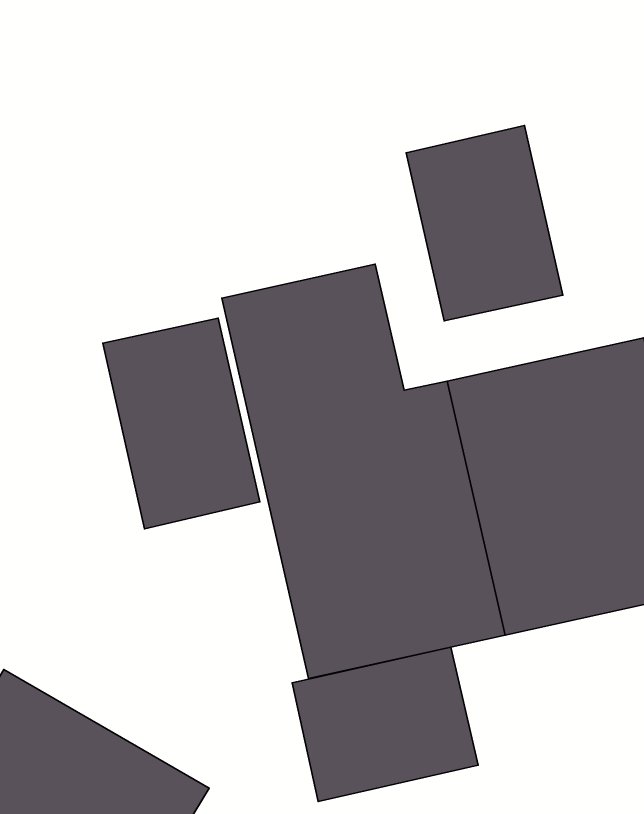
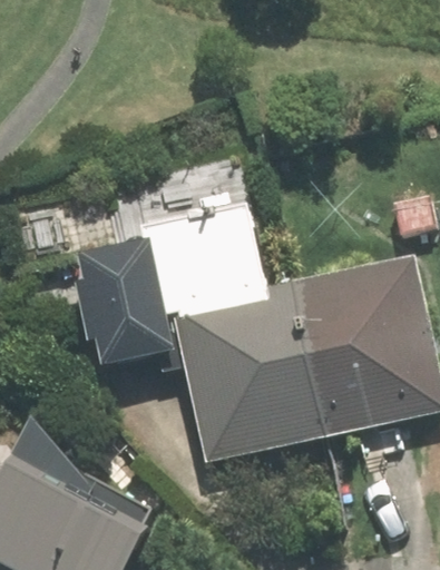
building: [406,126,563,321] -> none
building: [292,647,478,802] -> none

